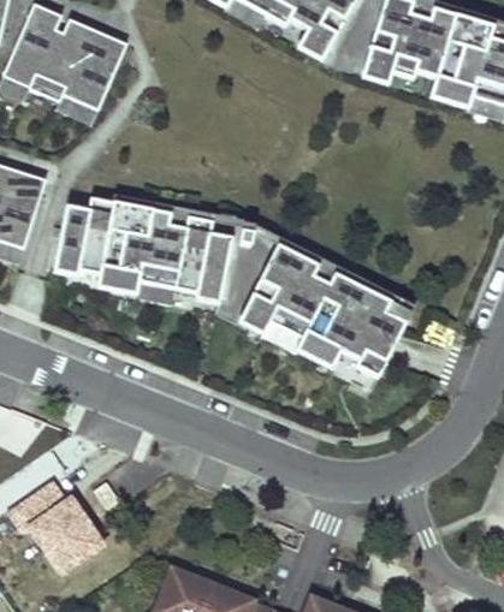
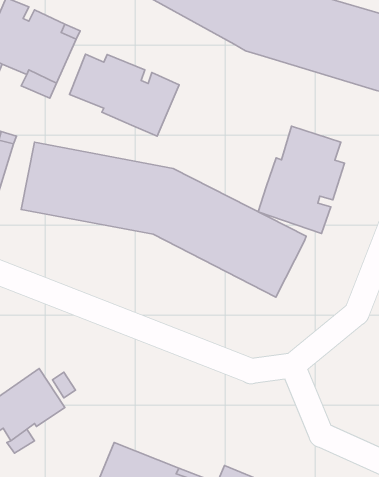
building: none -> [69,54,179,136]
building: none -> [258,126,344,233]

